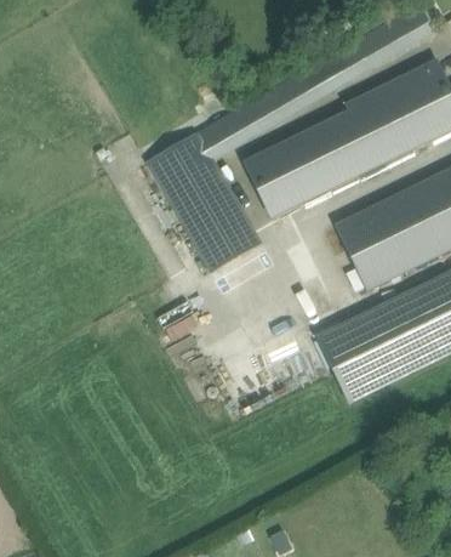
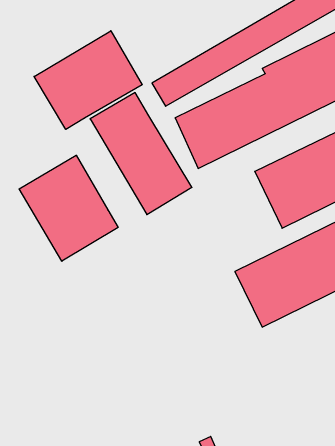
building: none -> [34,31,142,129]
building: none -> [19,155,118,261]

